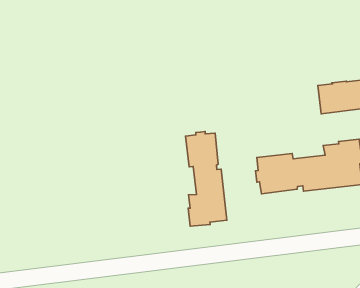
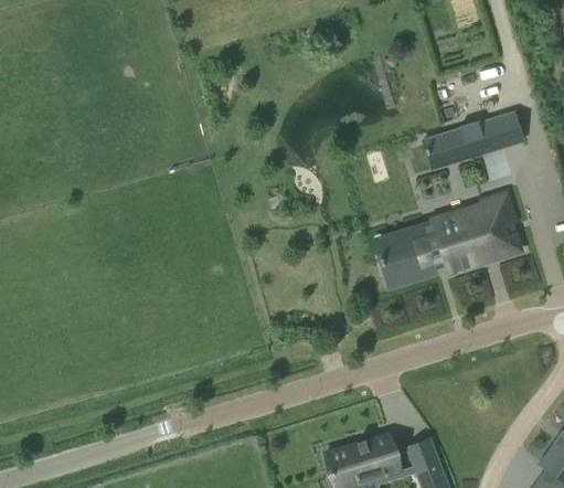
building: [185,132,227,226] -> none

